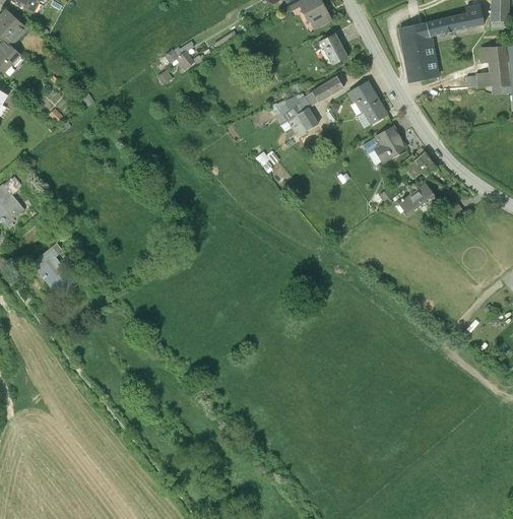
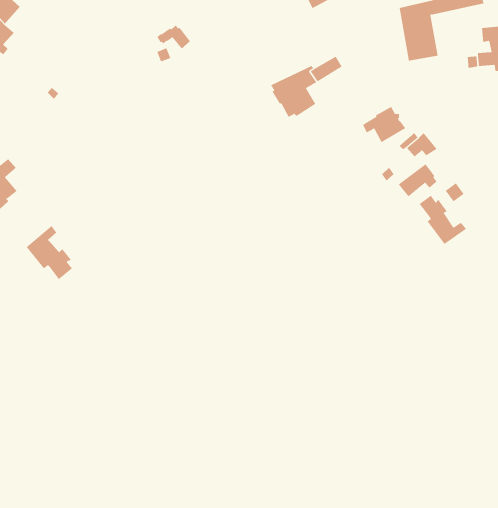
building: [319,34,345,64] -> none
building: [346,80,385,127] -> none
building: none -> [416,195,467,245]

